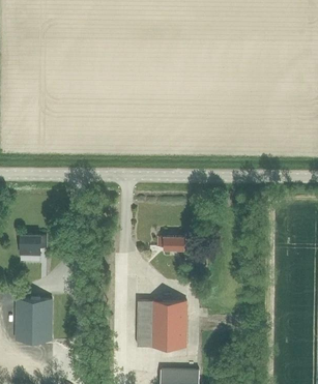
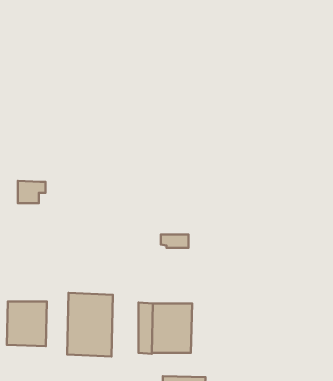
building: [20,235,46,256] -> [18,181,46,203]
building: none -> [67,293,113,357]

